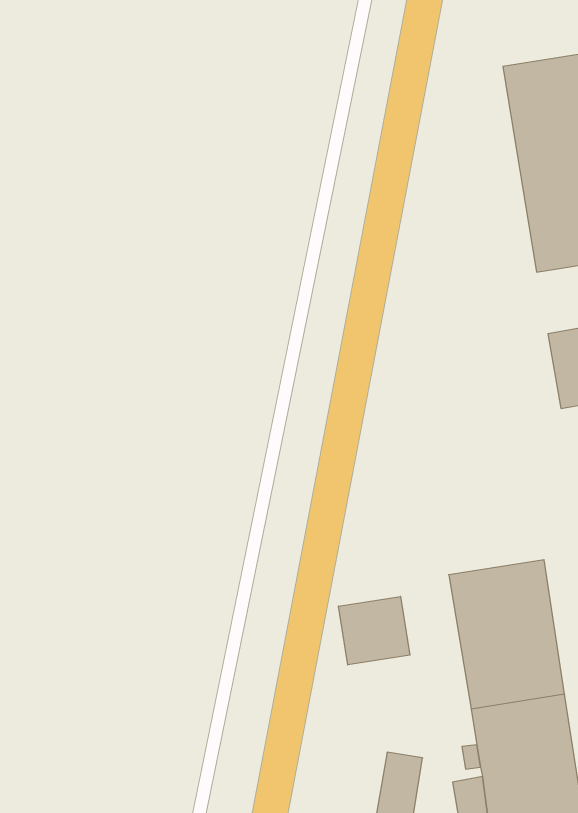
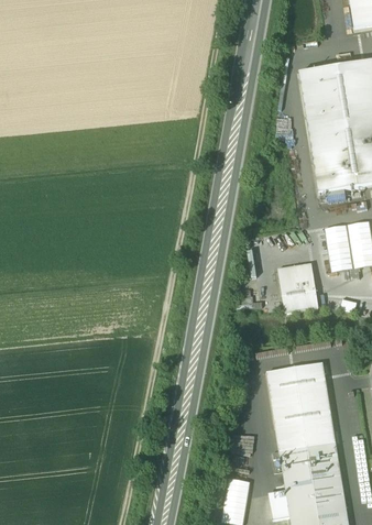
building: none -> [277,263,318,313]
building: [339,596,410,665] -> none

